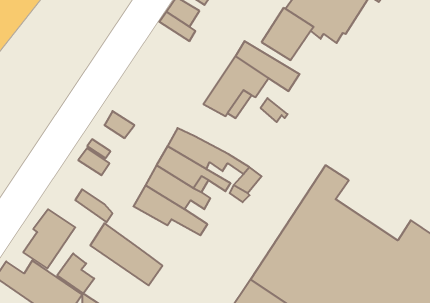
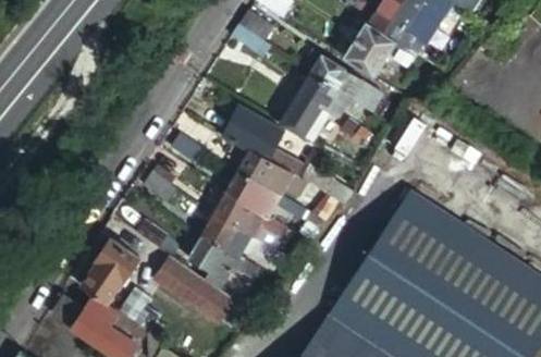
building: none -> [222,107,284,159]
building: none -> [421,207,503,272]
building: none -> [188,235,274,290]

